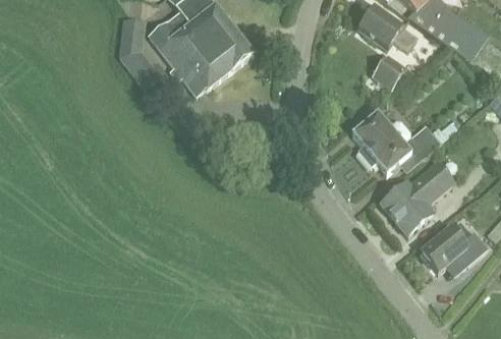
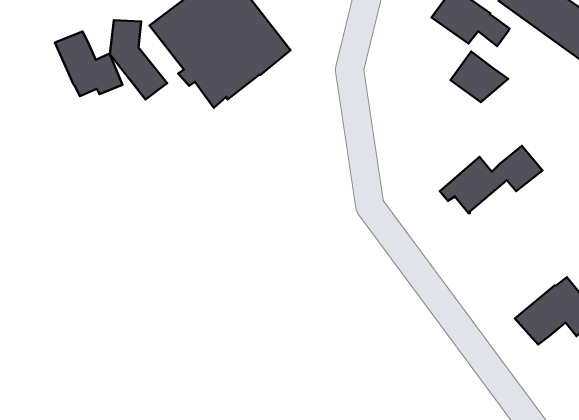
building: none -> [55,31,123,96]
building: [351,113,410,159] -> none
building: [381,164,453,237] -> none

